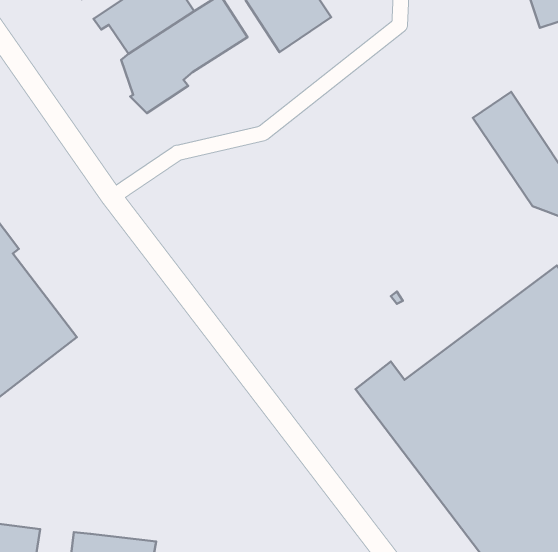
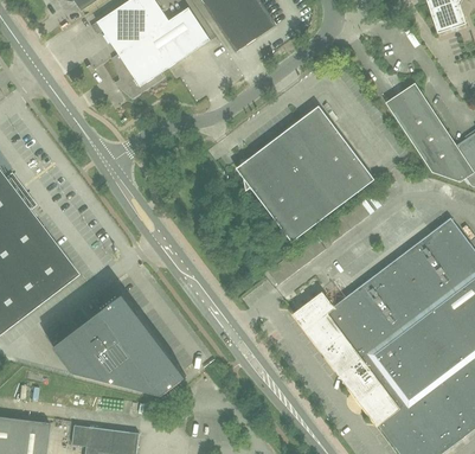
building: none -> [237,105,375,242]
building: none -> [46,293,186,394]

